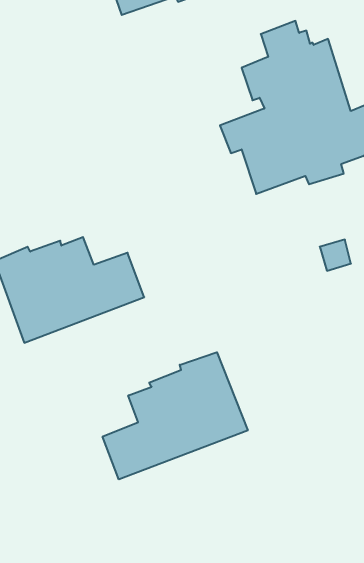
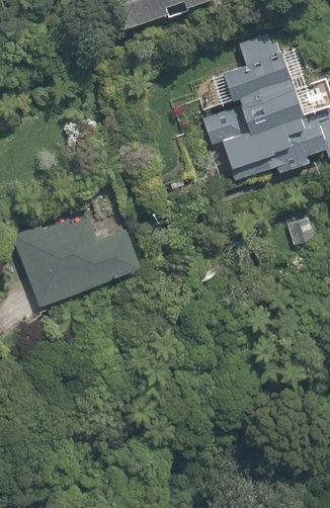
building: [103,352,248,479] -> none

